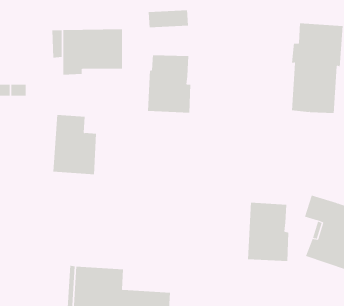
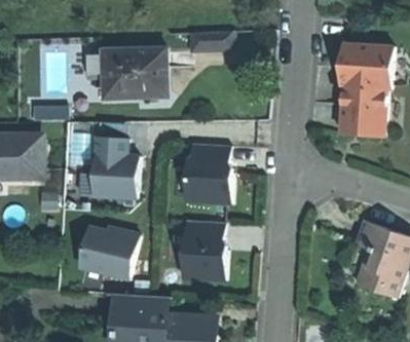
building: [147,55,191,113] -> [187,144,232,203]
building: [247,202,289,262] -> [184,220,227,280]
building: none -> [80,228,140,279]

